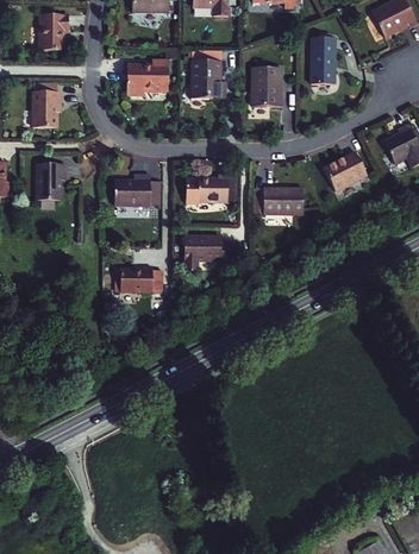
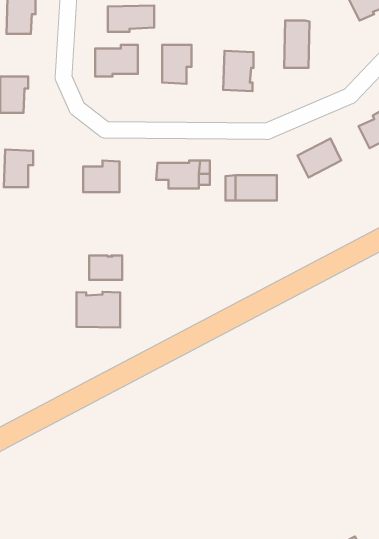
building: none -> [108,6,154,32]
building: [186,235,230,267] -> none
building: none -> [77,292,120,327]

